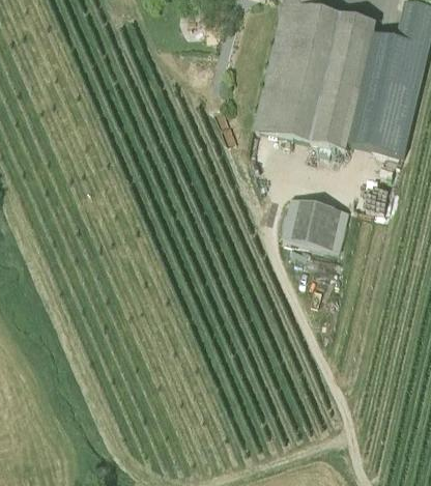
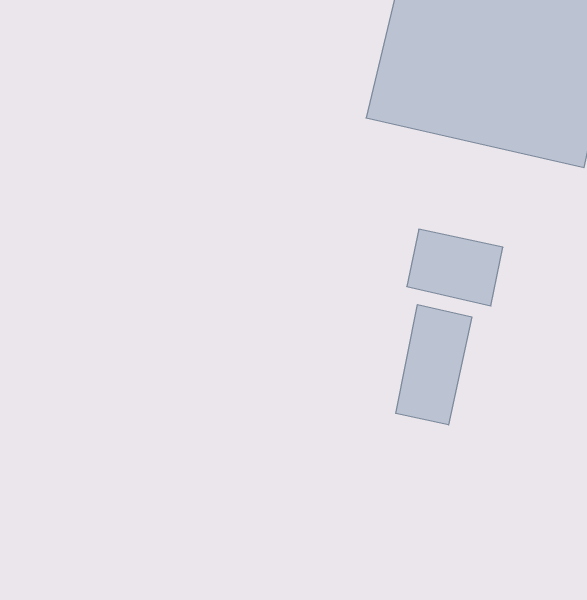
building: none -> [396,305,472,425]

